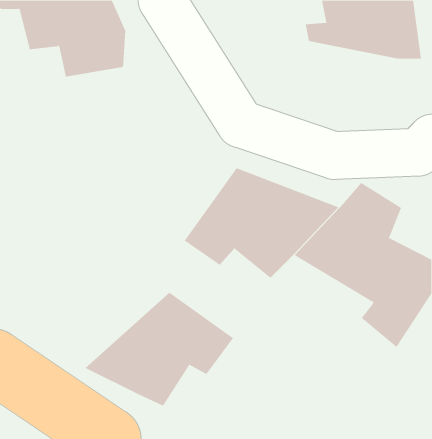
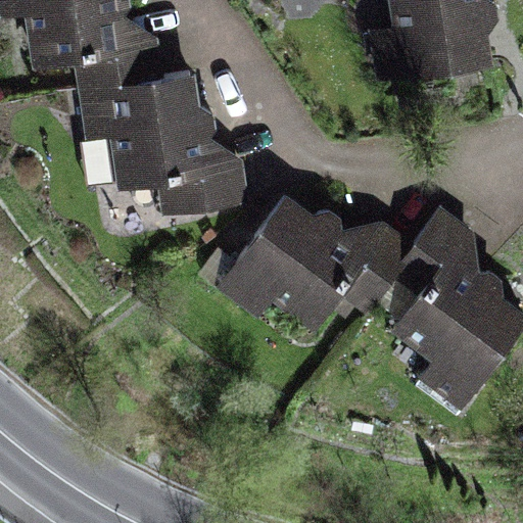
building: none -> [78,78,224,213]
building: [84,292,234,406] -> none

